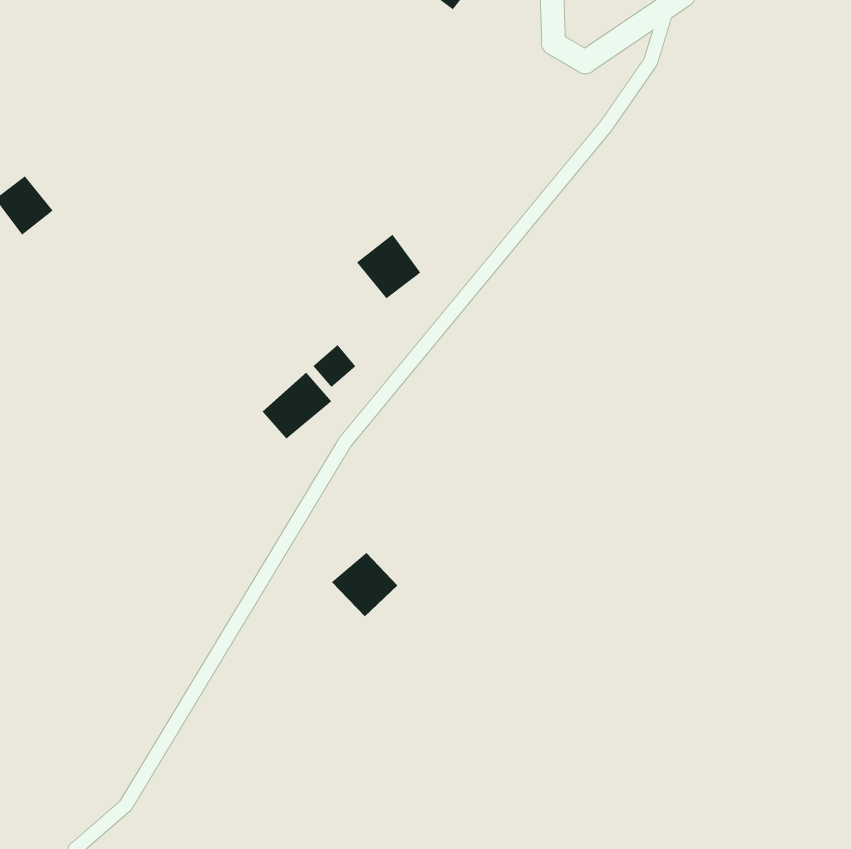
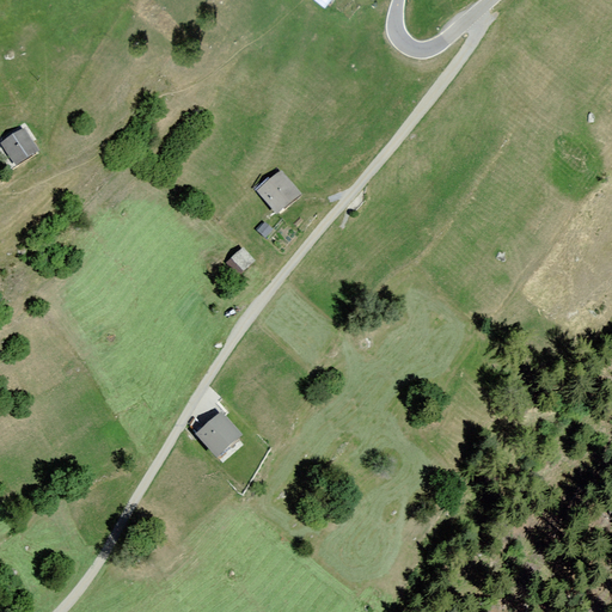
building: [262,372,332,440] -> none
building: [331,552,398,617] -> [195,410,243,457]

